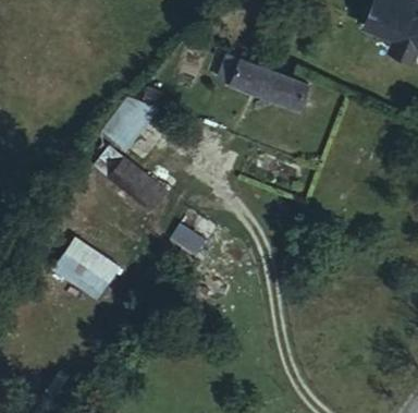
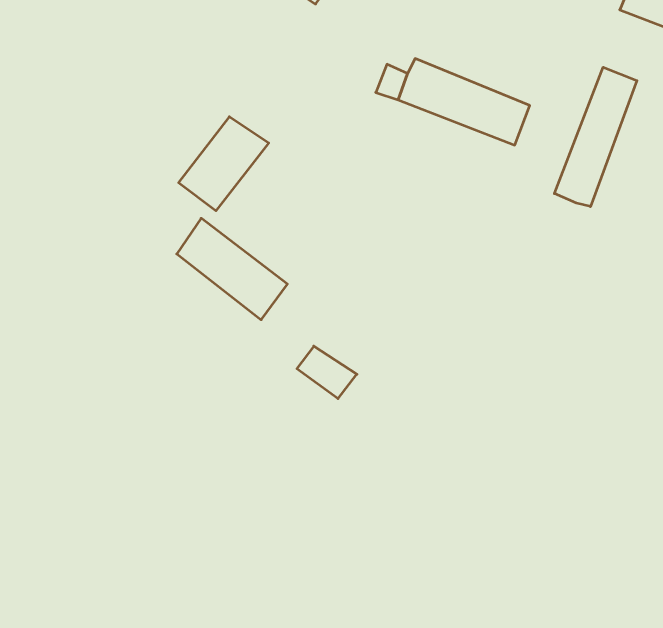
building: none -> [554,67,637,207]
building: [60,242,122,300] -> none

